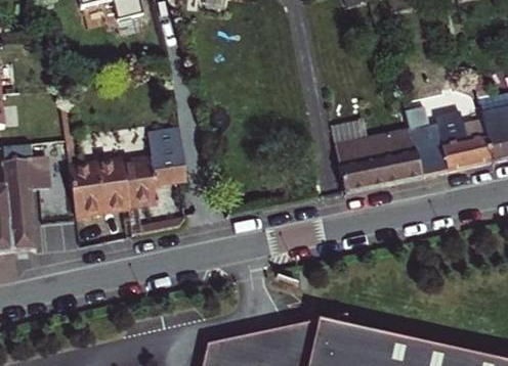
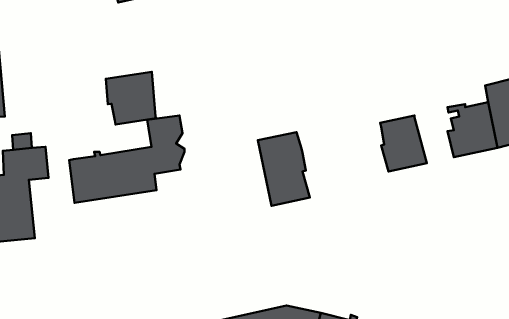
building: none -> [106,72,156,125]
building: [333,120,384,192] -> [258,132,310,206]
building: [410,121,454,176] -> none

